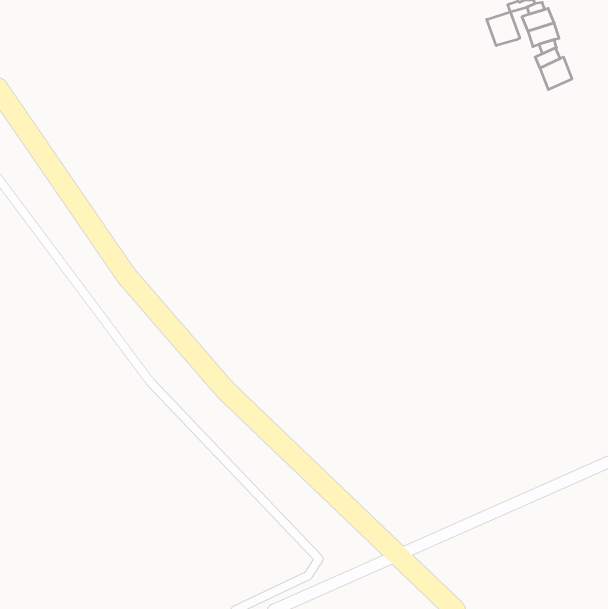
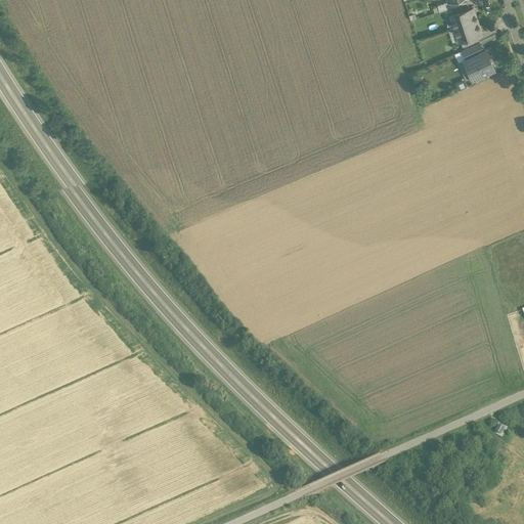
building: [487,12,520,46] -> none

